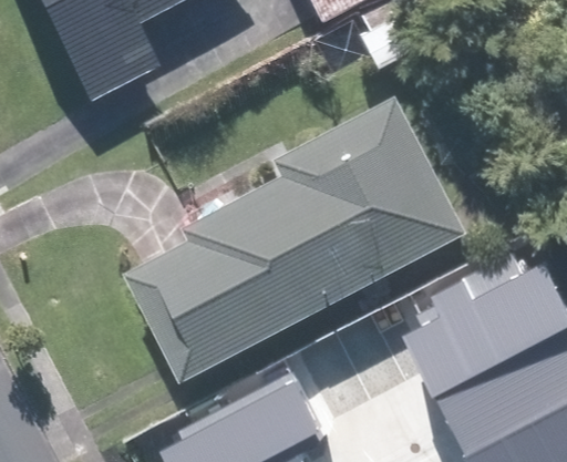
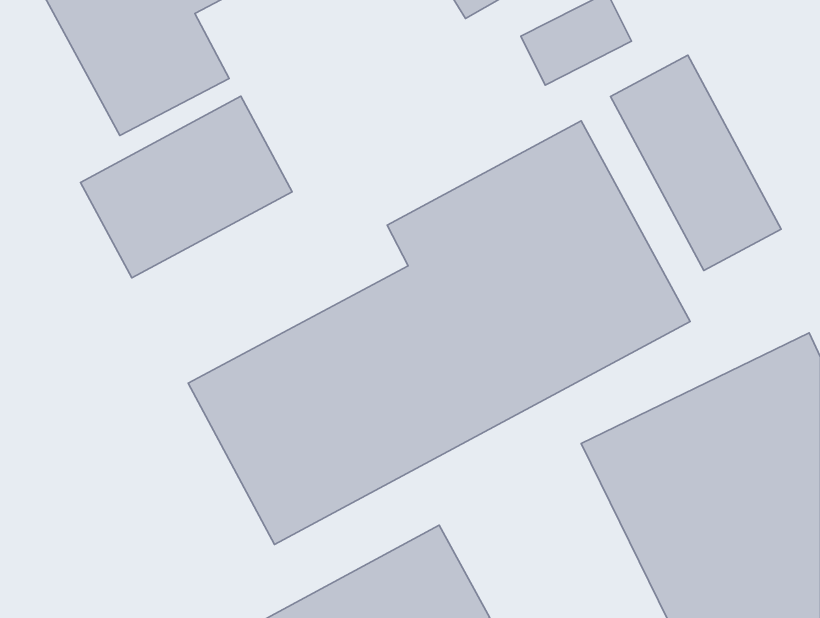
building: none -> [610,55,781,270]
building: none -> [81,96,292,278]

